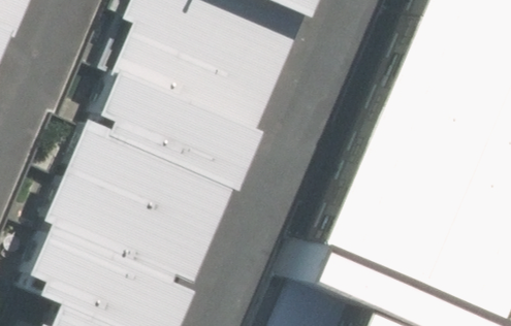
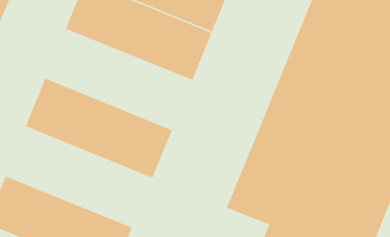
building: [76,54,260,178] -> none
building: [27,174,211,299] -> none

